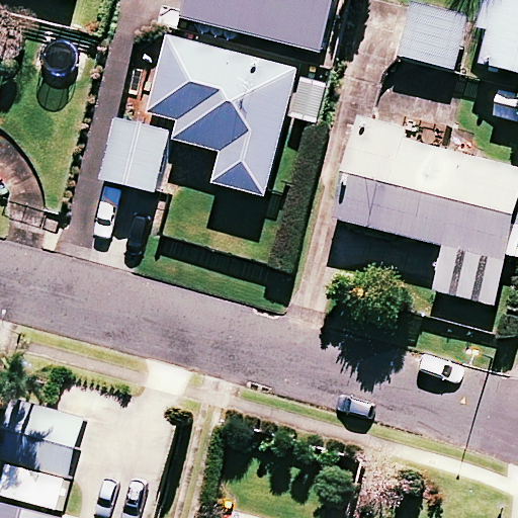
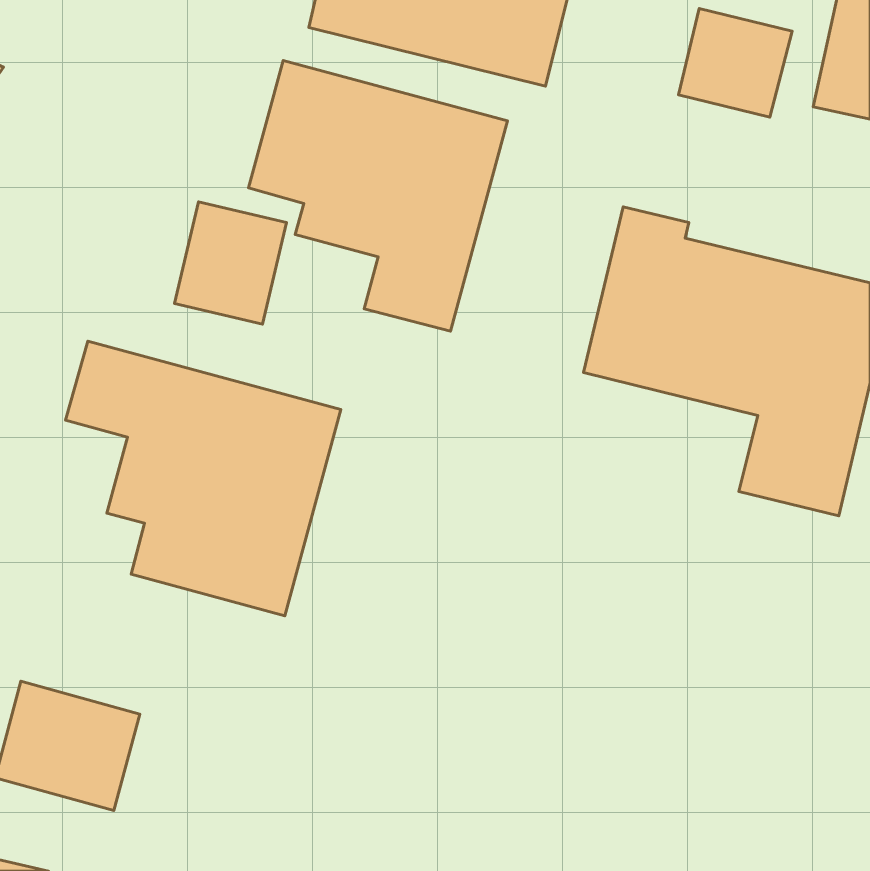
building: none -> [65,341,341,616]

